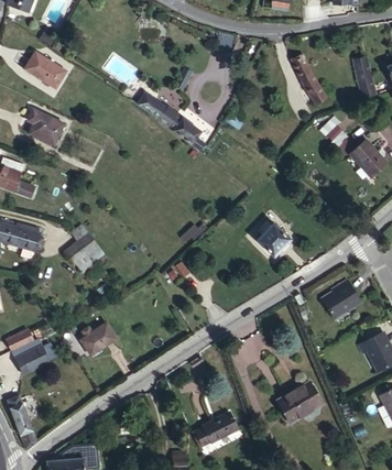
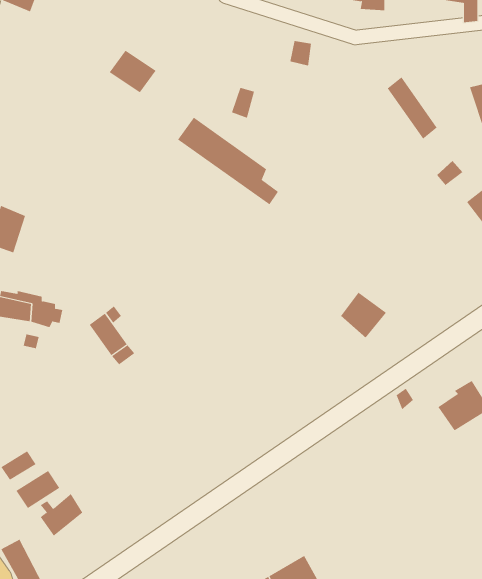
building: [30,54,65,86] -> [109,50,157,93]
building: [25,111,58,143] -> none
building: [79,319,111,351] -> [40,493,83,537]
building: [277,380,323,419] -> none

